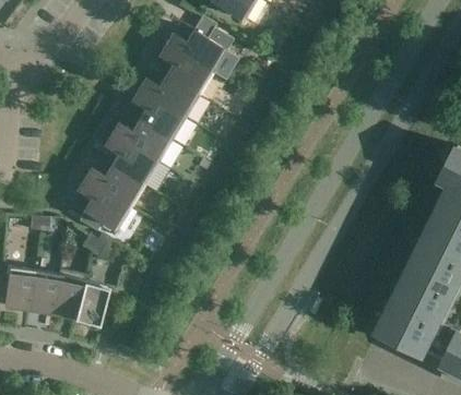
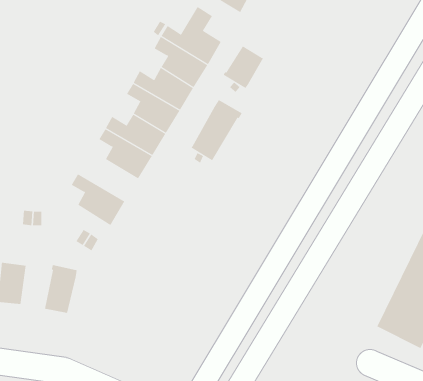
building: none -> [223,45,264,89]
building: none -> [190,99,242,161]
building: [82,167,142,208] -> none
building: [26,272,57,314] -> none
building: [72,283,106,326] -> none

